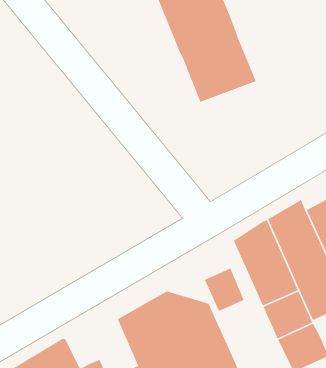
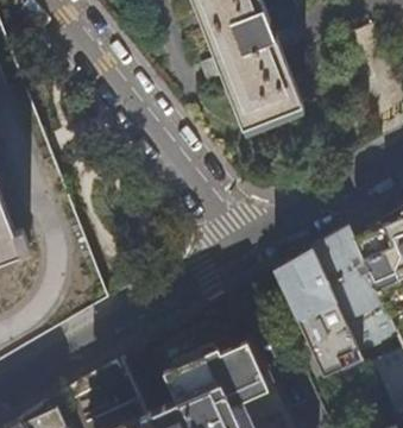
building: [204,268,245,312] -> none

